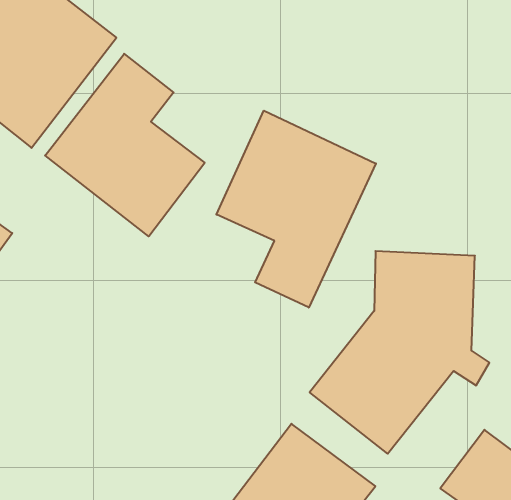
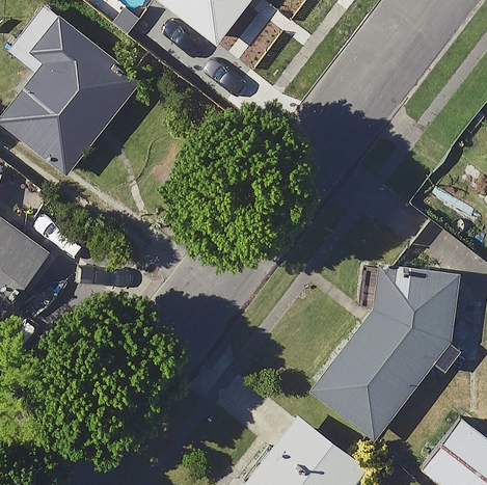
building: [45,54,205,236] -> none
building: [216,111,376,308] -> none

